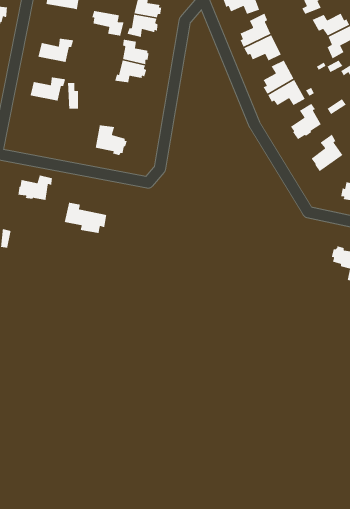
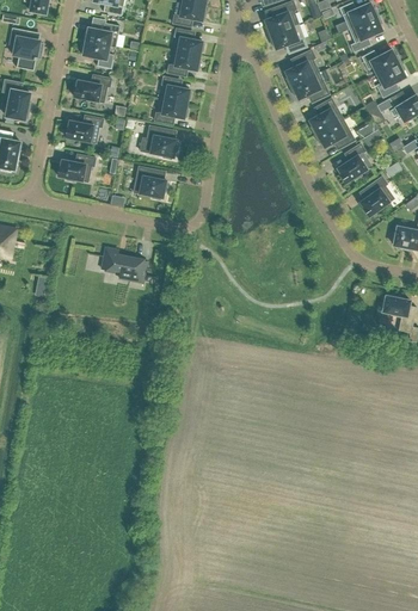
building: [91,10,124,36] -> [79,41,113,68]
building: none -> [139,125,178,159]
building: [18,175,53,201] -> [57,154,94,181]

